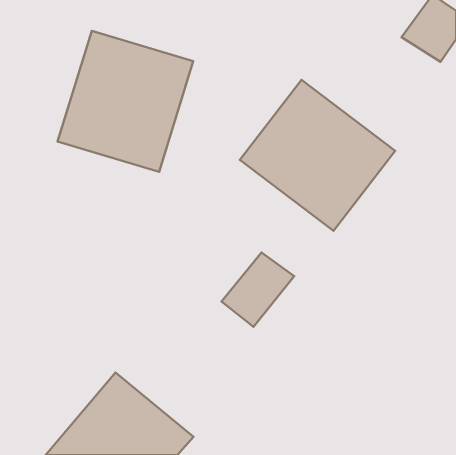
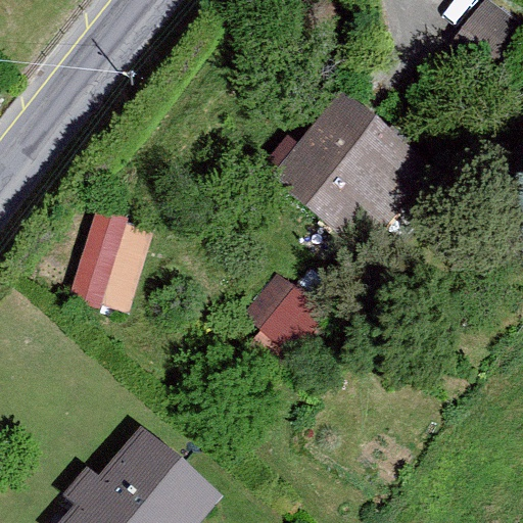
building: [58,31,193,172] -> none
building: none -> [70,200,150,313]

